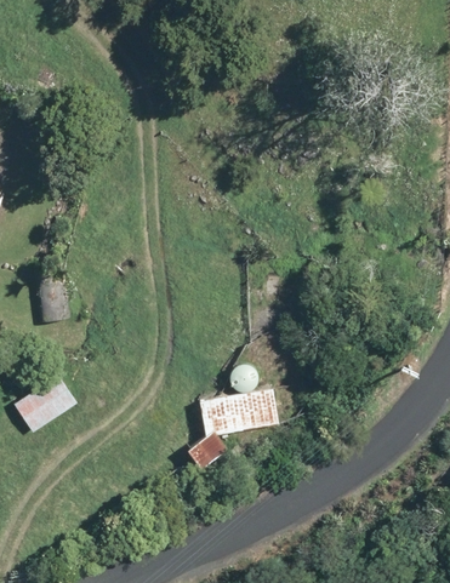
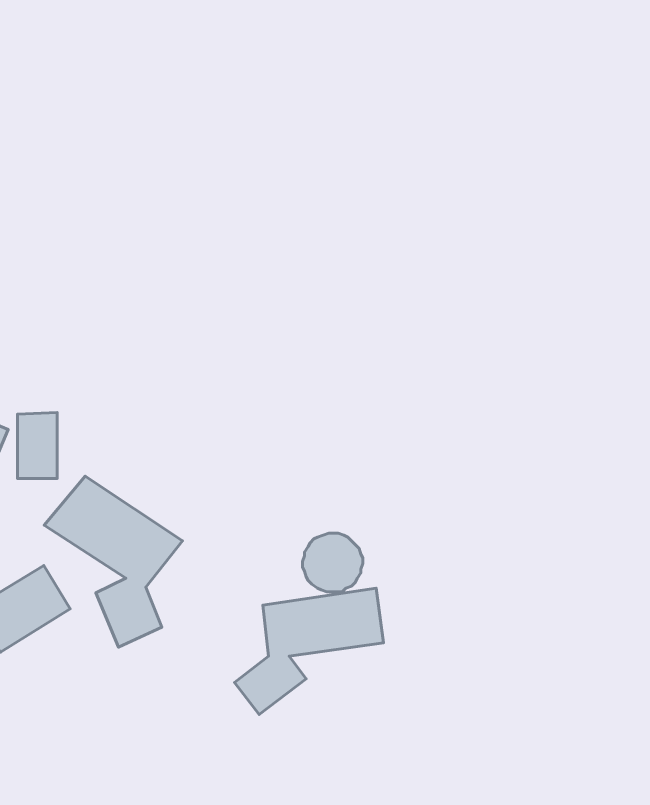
building: none -> [44,476,183,647]

